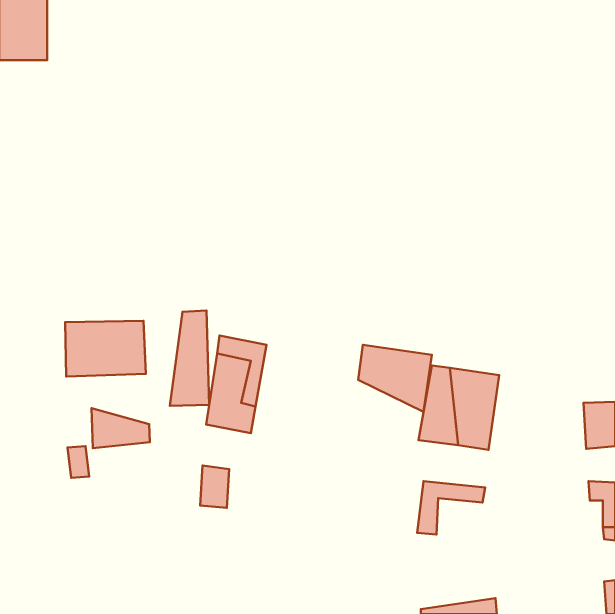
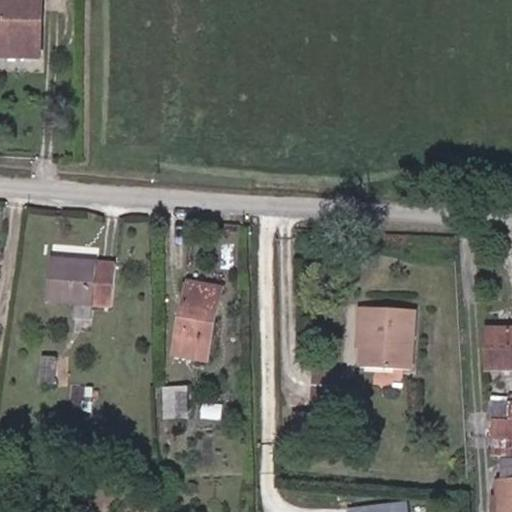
building: [170,310,209,406] -> none
building: [358,345,432,412] -> none
building: [92,408,150,448] -> none
building: [417,481,485,534] -> none

